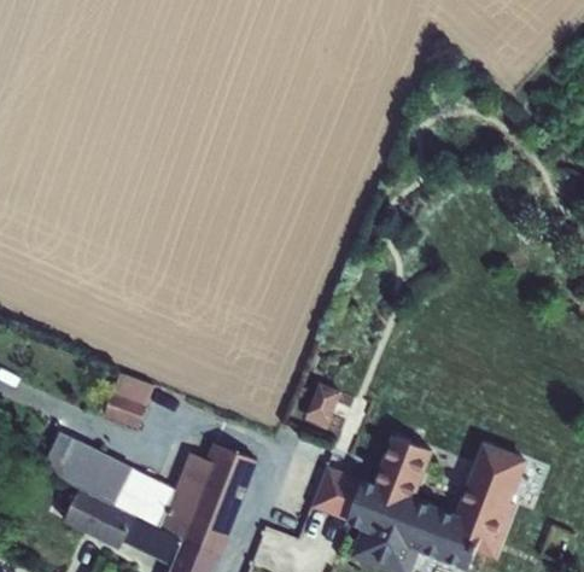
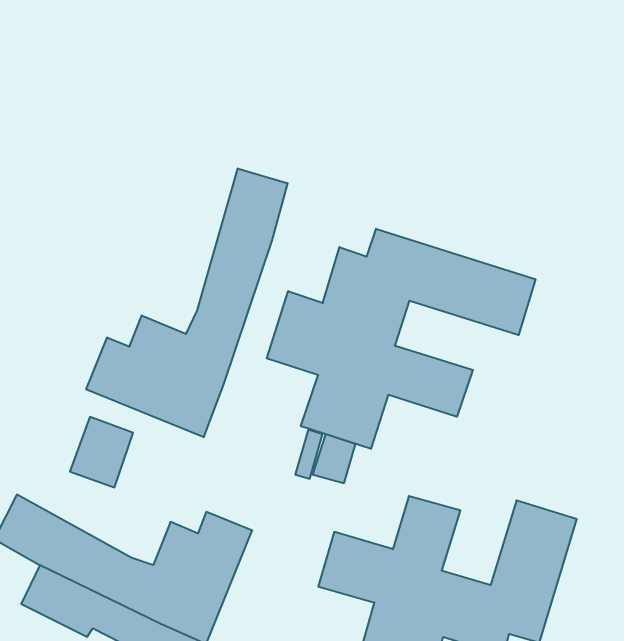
building: none -> [86,168,288,437]
building: none -> [267,229,535,449]

